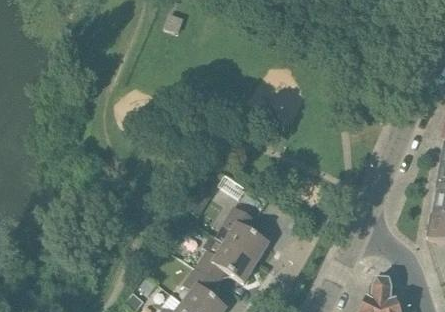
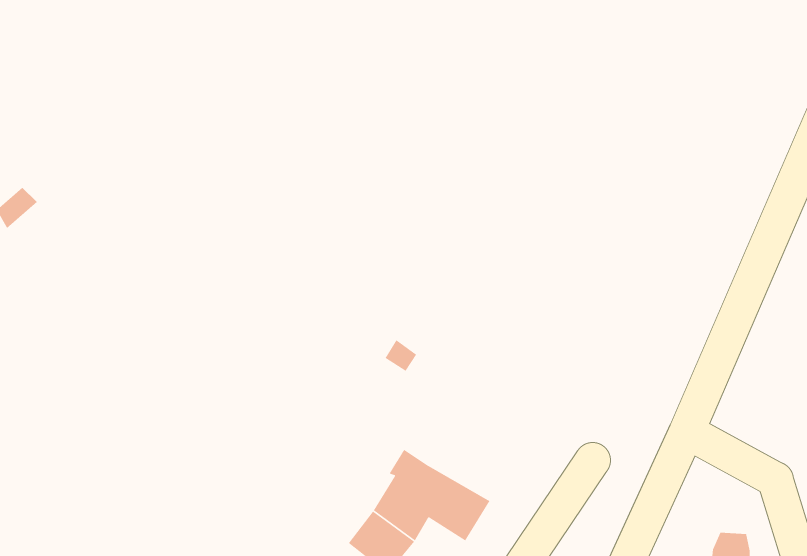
building: [223,206,269,262] -> none

